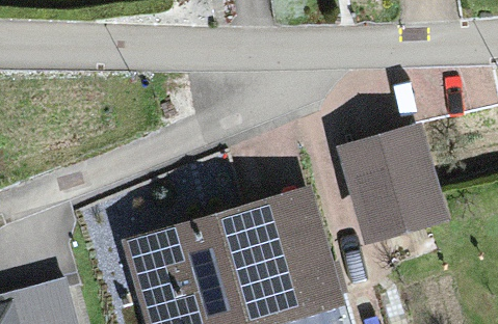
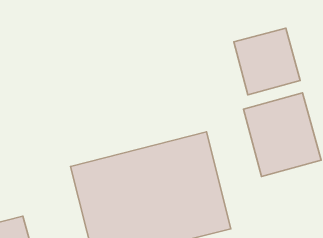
building: none -> [234,28,300,95]

